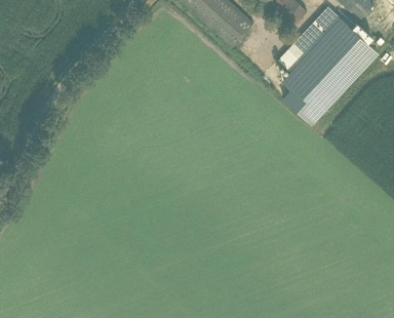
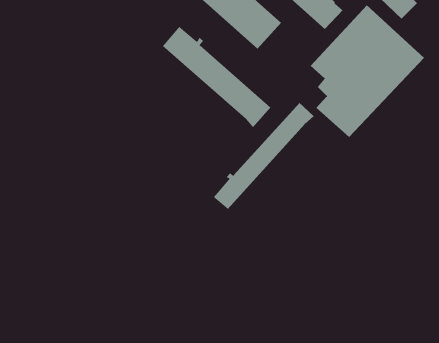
building: none -> [162,26,271,128]
building: none -> [213,102,315,210]

